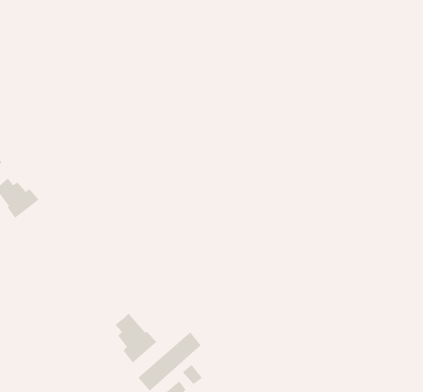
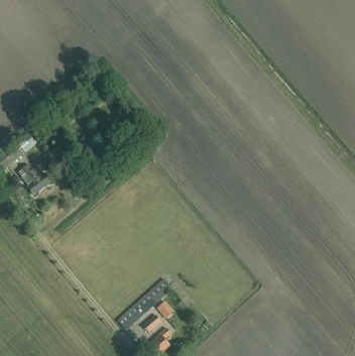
building: [115,313,157,363] -> none

